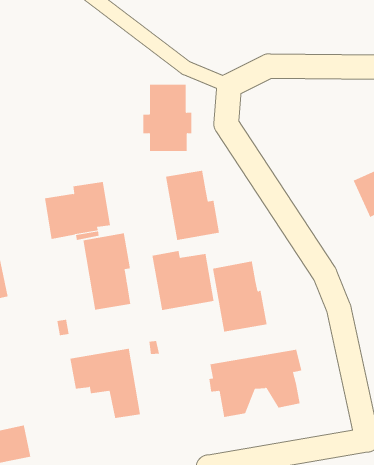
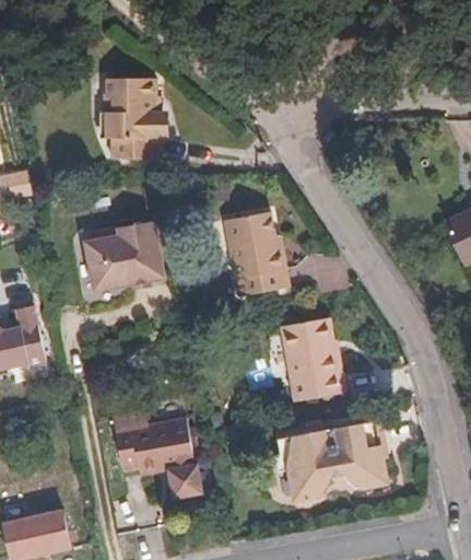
building: [142,84,192,152] -> [106,83,164,162]
building: [83,233,131,311] -> none
building: [152,250,214,311] -> none

